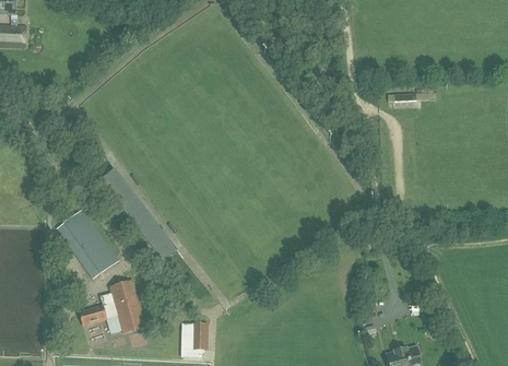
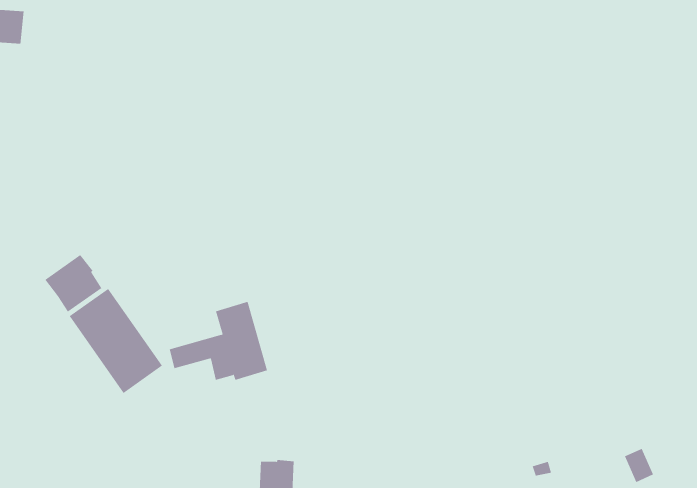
building: none -> [44,254,102,313]
building: [80,279,145,331] -> [169,301,268,380]

